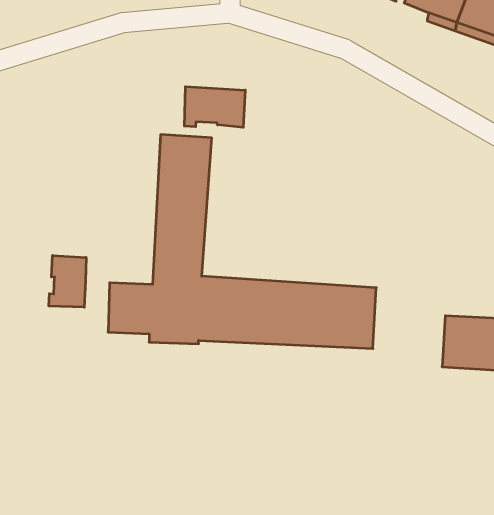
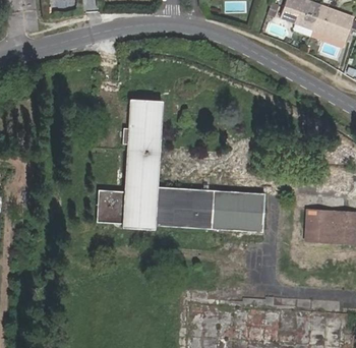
building: [184,87,245,127] -> none
building: [49,255,86,307] -> none

